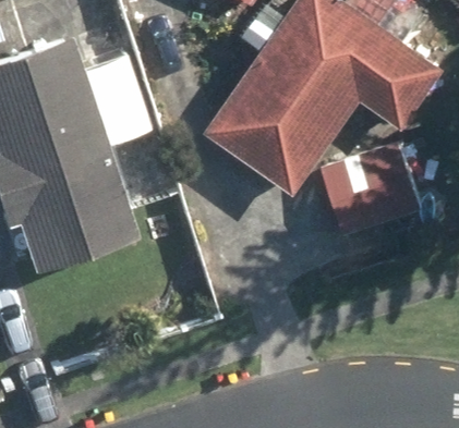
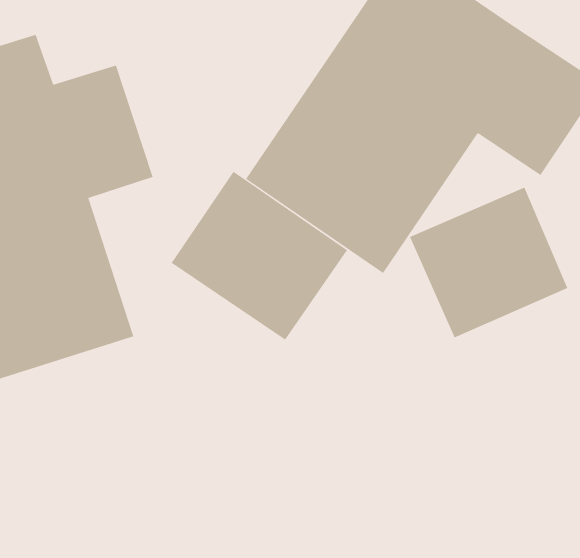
building: none -> [171,171,348,341]

